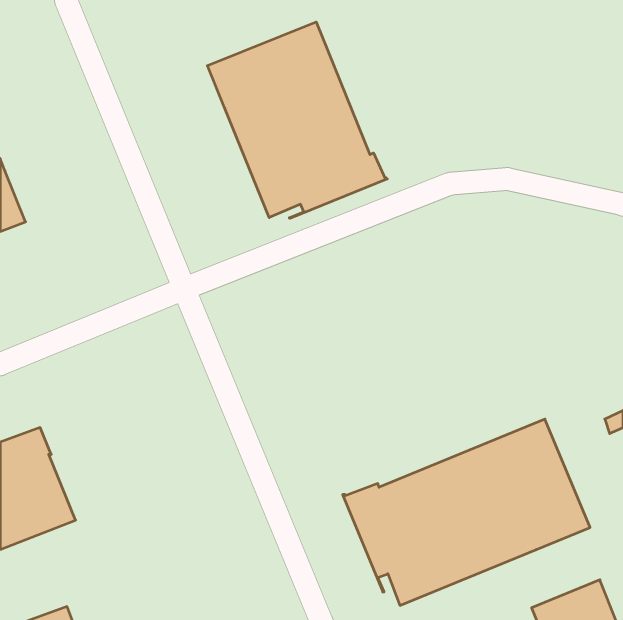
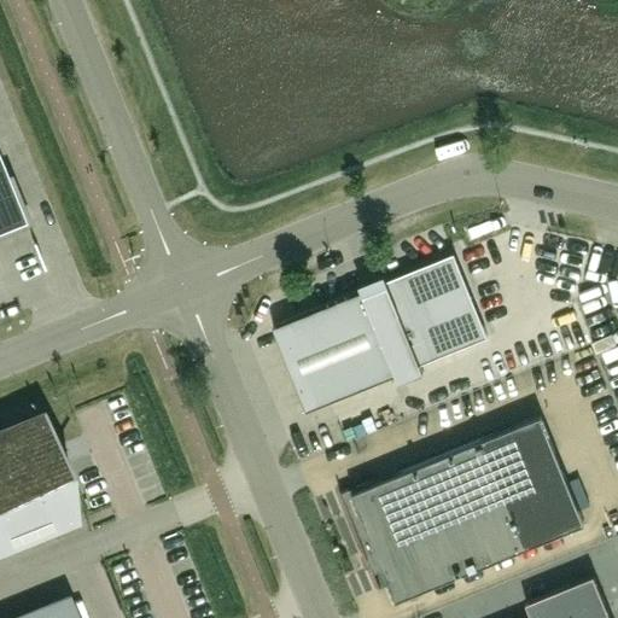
building: [207,22,387,218] -> none
building: none -> [273,255,488,412]

